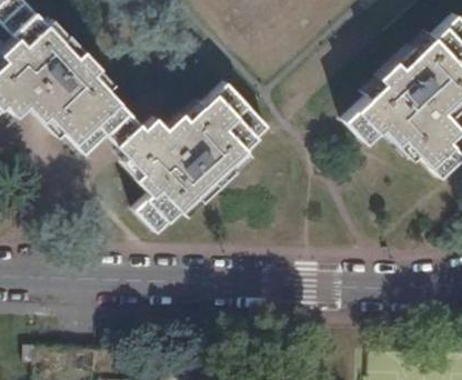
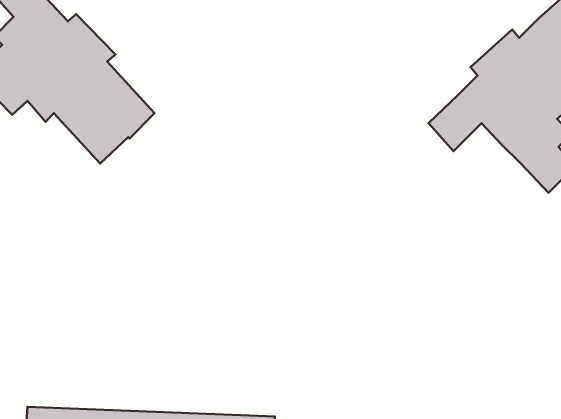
building: [109,86,268,233] -> none

